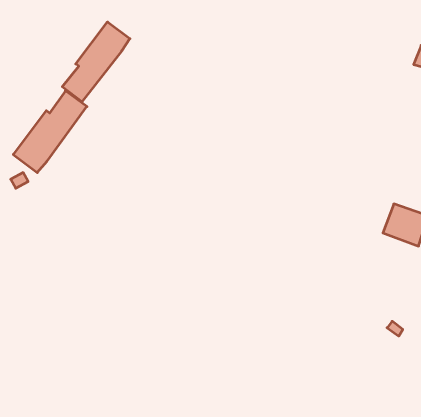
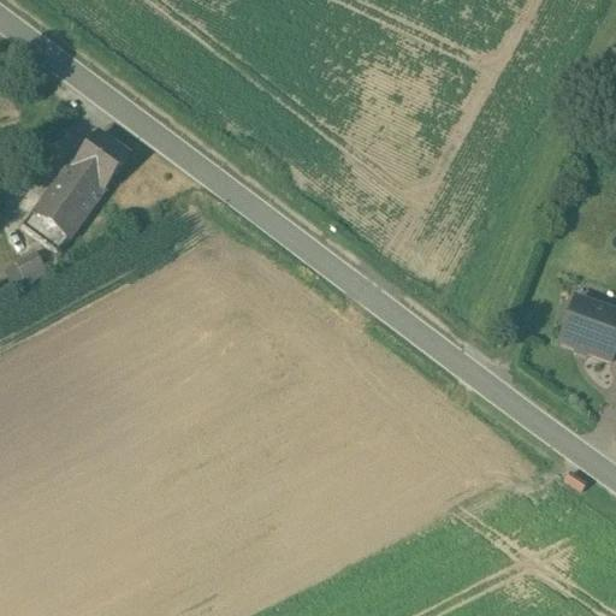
building: [62,22,130,102] -> none

